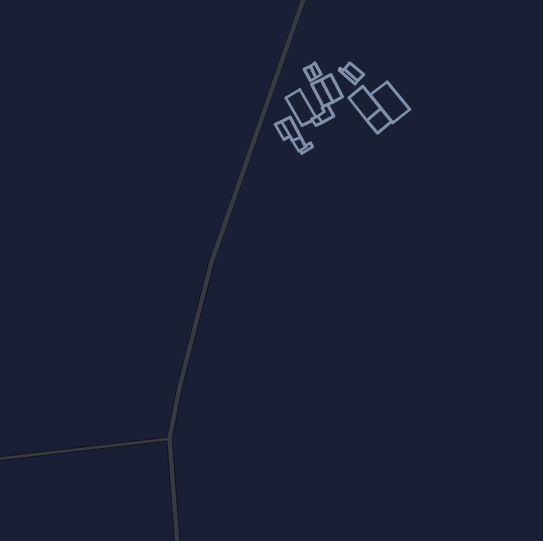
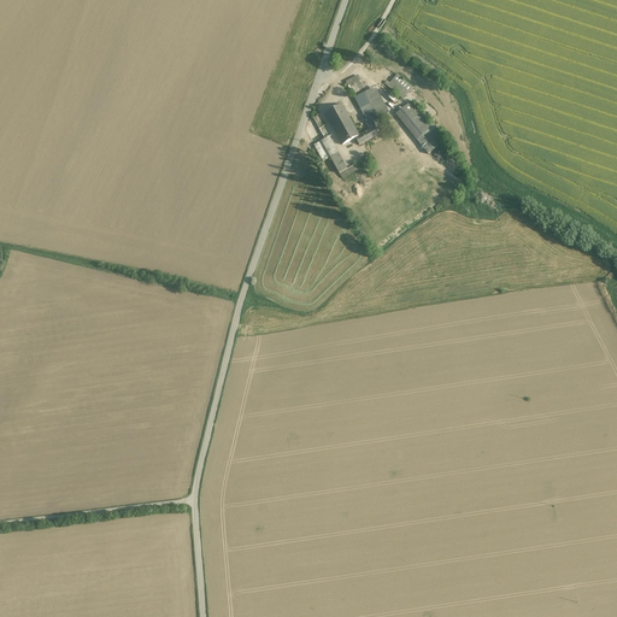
building: [370,82,410,123] -> none

